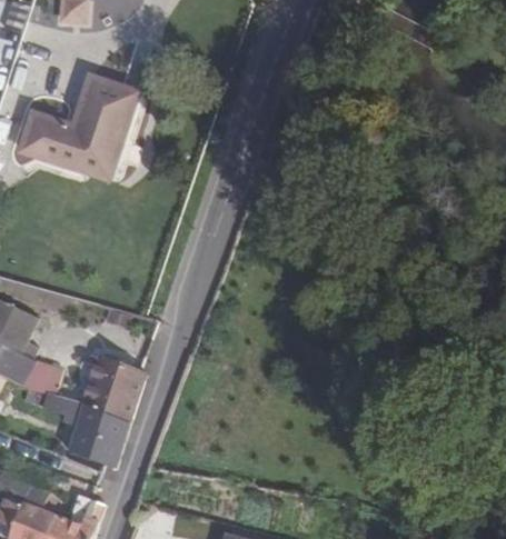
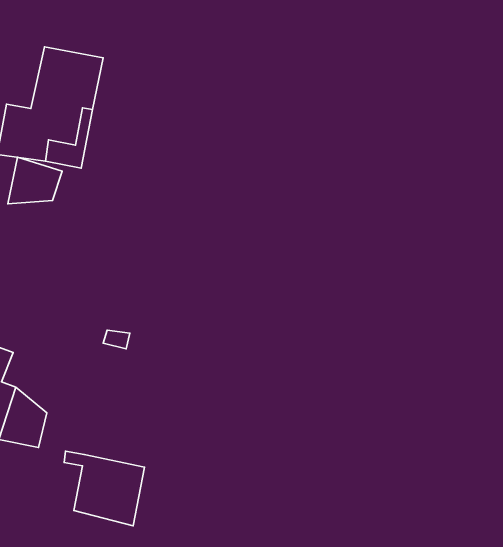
building: none -> [8,157,62,204]
building: [80,356,142,421] -> none

